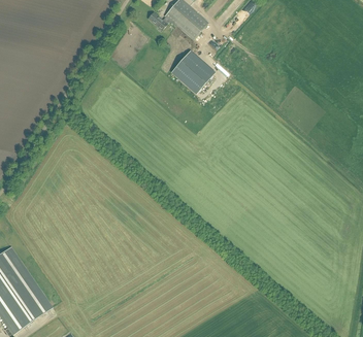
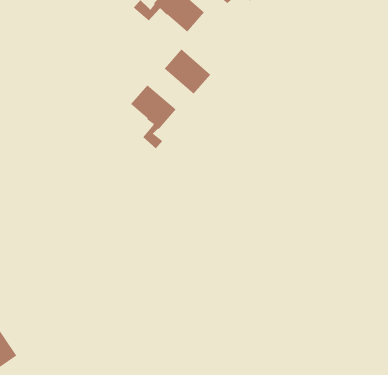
building: none -> [130,84,176,149]

